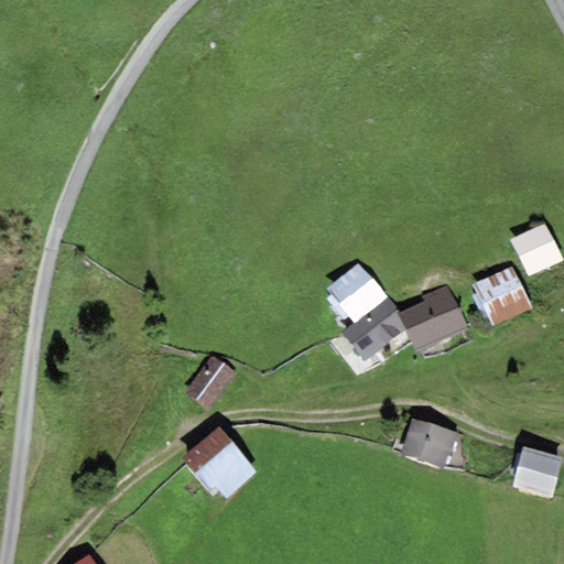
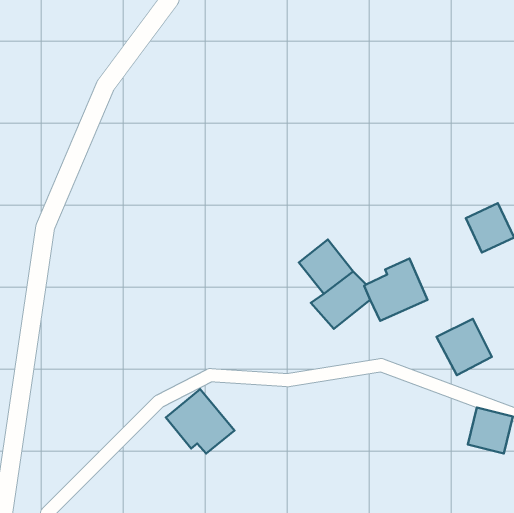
building: [471,264,532,326] -> [437,319,492,375]
building: [184,356,236,410] -> none
building: [400,419,457,468] -> none

